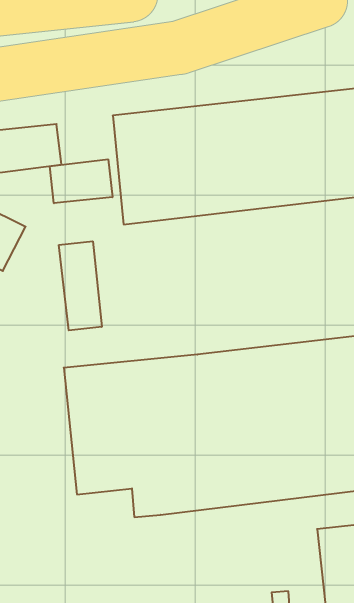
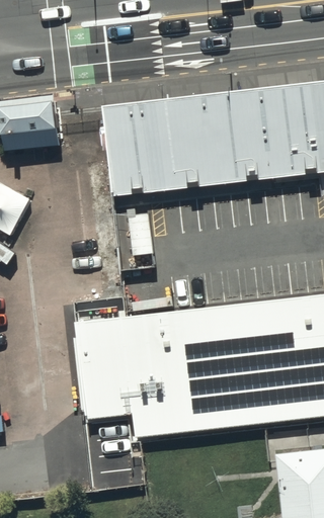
building: [50,159,112,203] -> none
building: [59,241,102,330] -> none

